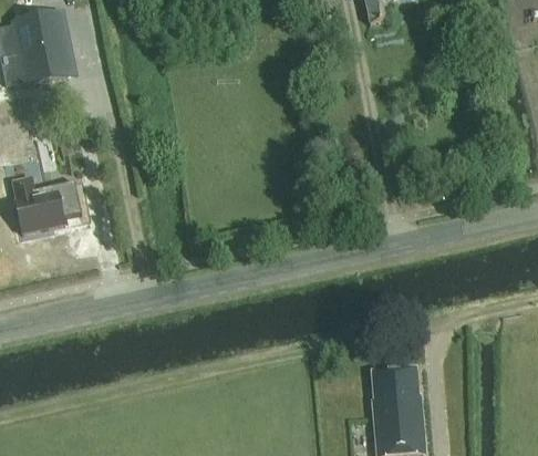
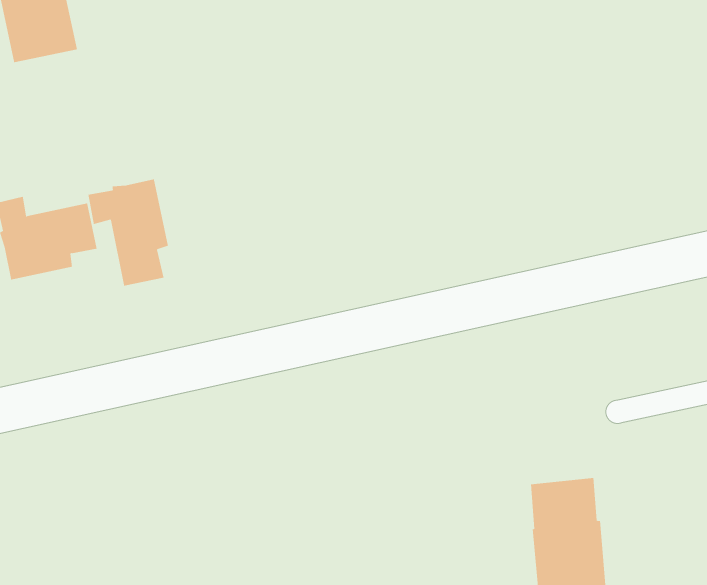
building: none -> [88,179,169,286]

